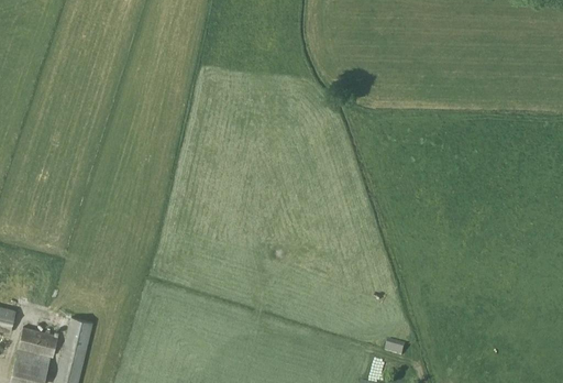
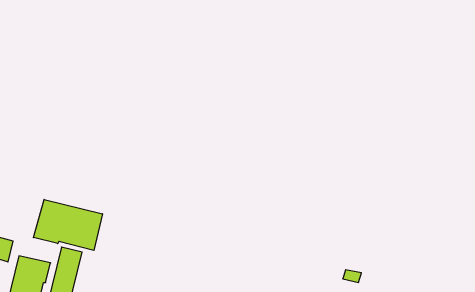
building: none -> [33,199,102,250]

